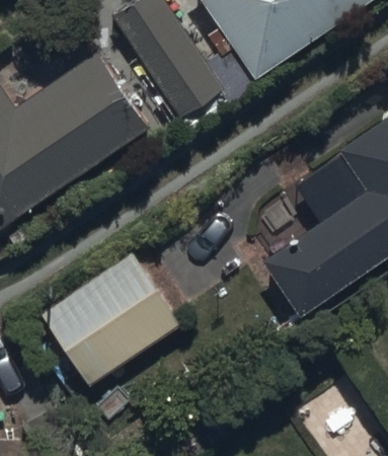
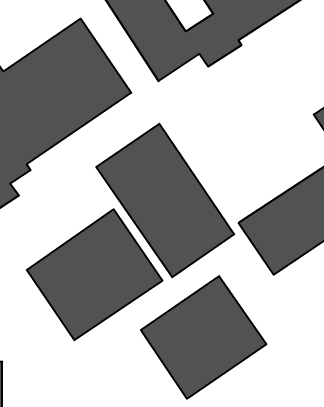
building: none -> [96,124,234,277]
building: none -> [141,276,266,399]

